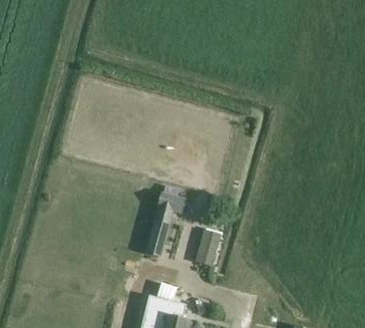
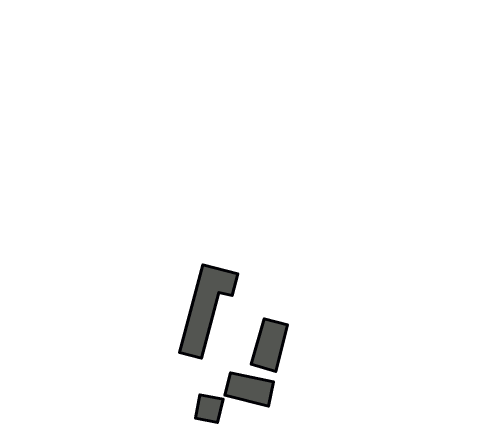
building: none -> [225,373,273,406]

